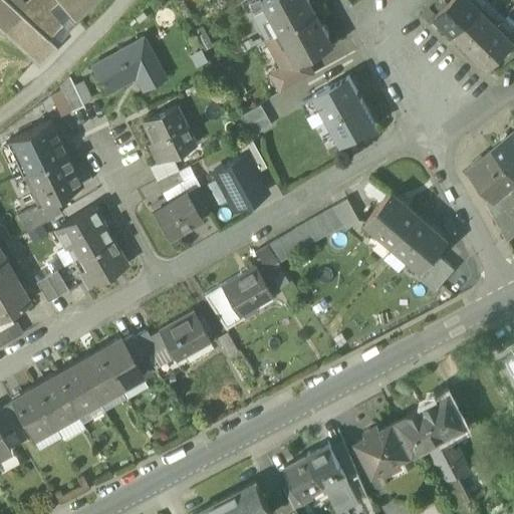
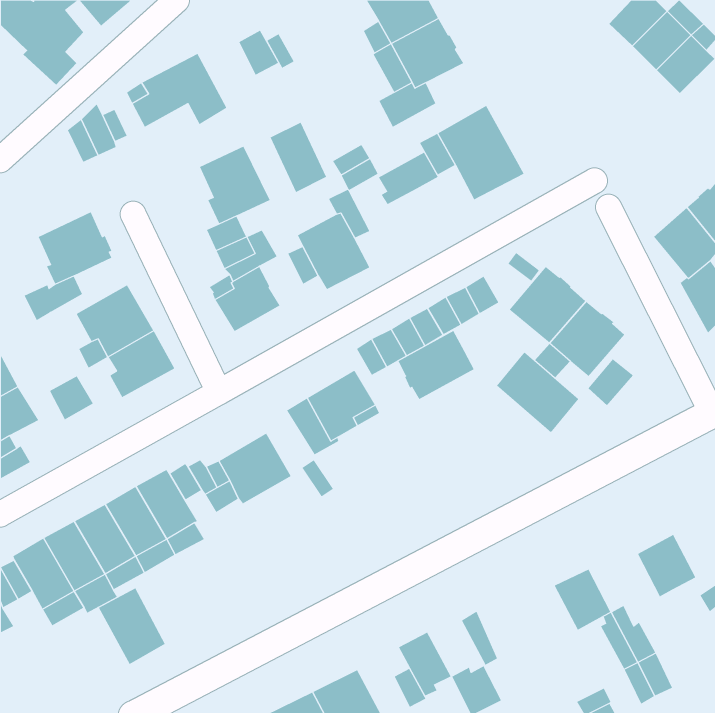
building: none -> [238,30,279,75]
building: none -> [270,122,327,193]
building: none -> [378,152,438,205]
building: [13,121,66,172] -> none
building: none -> [398,330,475,400]
building: none -> [496,352,579,433]
building: [423,396,465,441] -> [637,534,696,597]
building: [357,422,415,475] -> none
building: none -> [98,588,165,665]
building: [307,444,348,487] -> none

